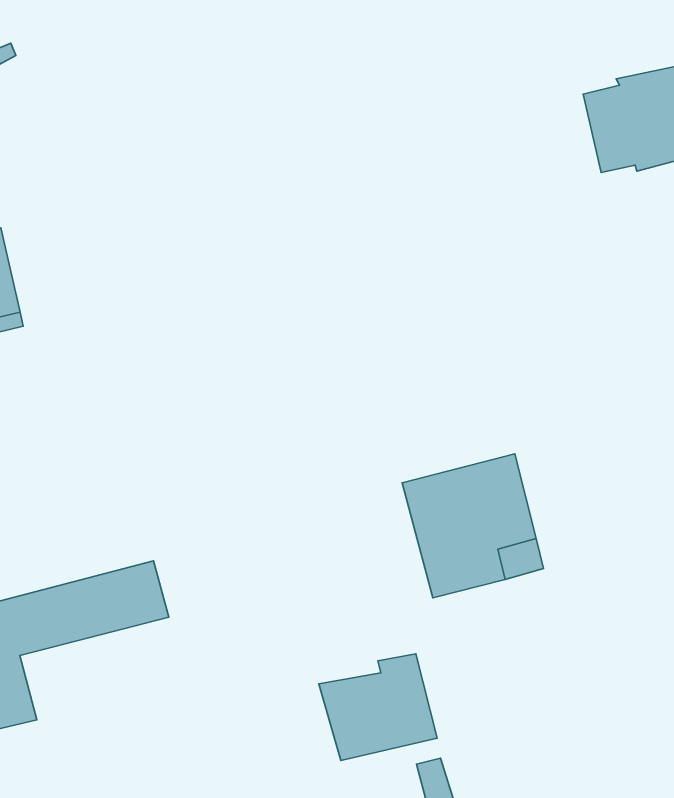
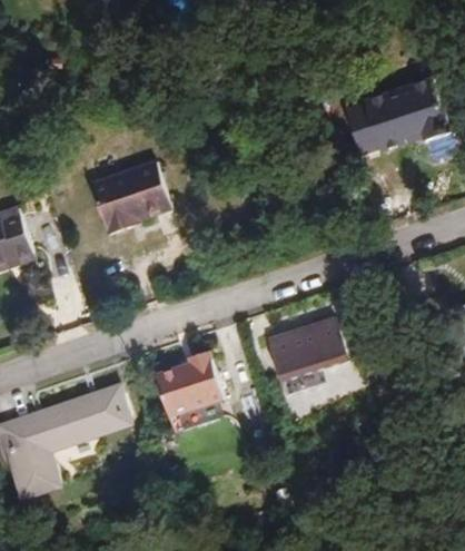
building: none -> [92,166,171,236]
building: [319,654,437,760] -> [155,353,224,416]

